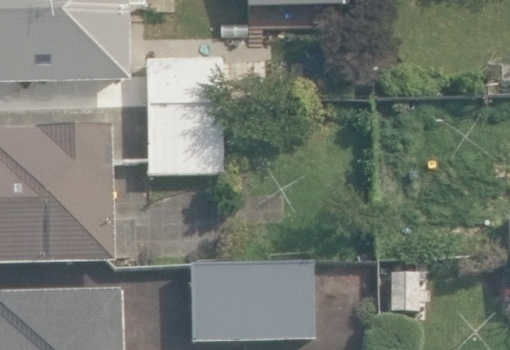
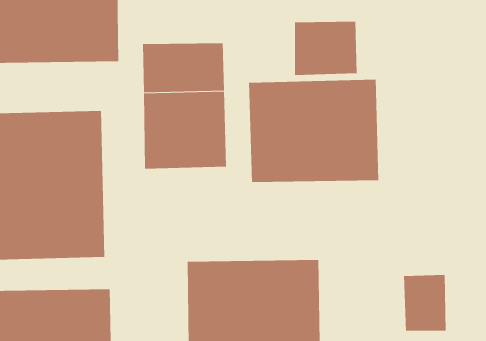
building: none -> [249,79,379,183]

